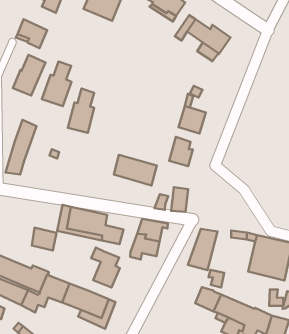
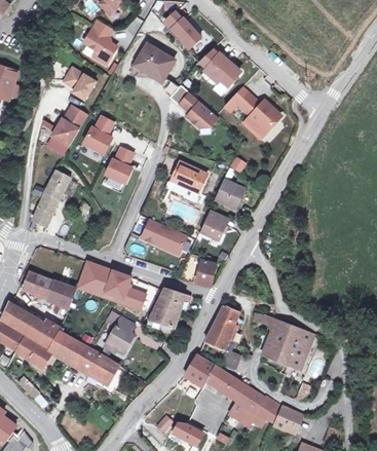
building: none -> [171,85,218,127]
building: none -> [171,161,206,192]
building: none -> [24,271,53,299]
building: none -> [184,354,216,387]

